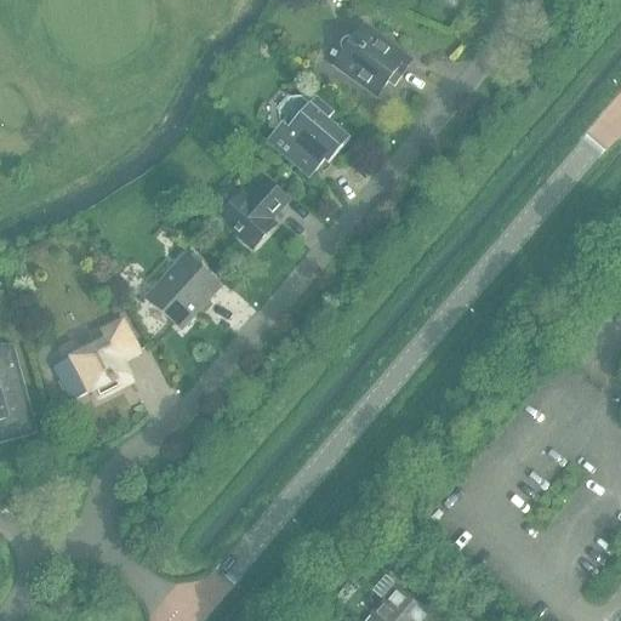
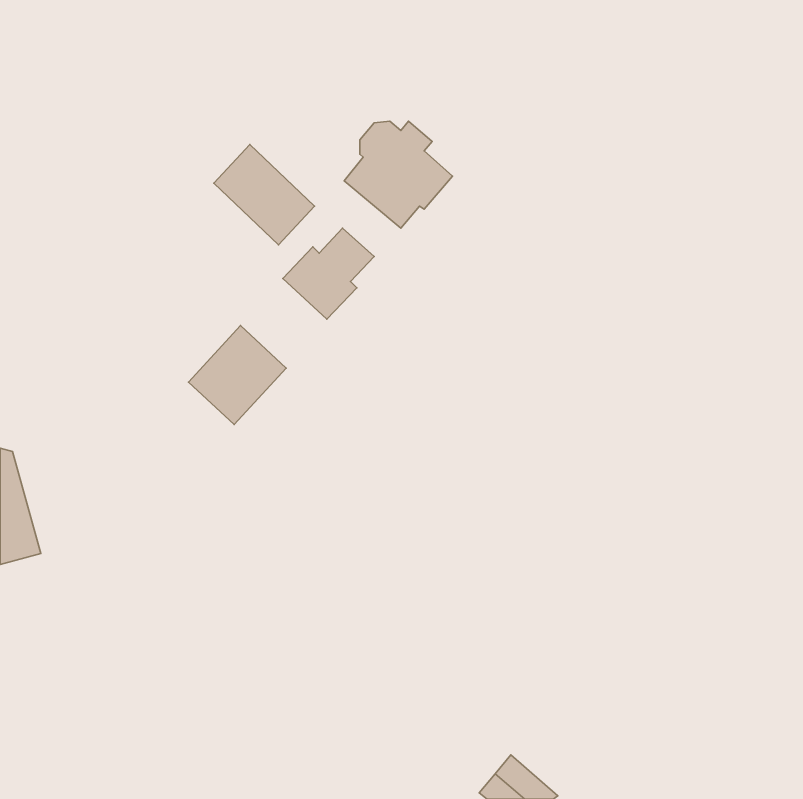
building: [334,23,411,95] -> none
building: none -> [214,144,315,245]
building: [57,318,138,397] -> none

